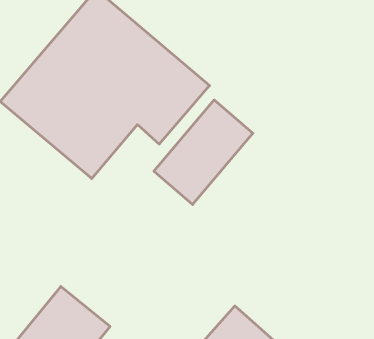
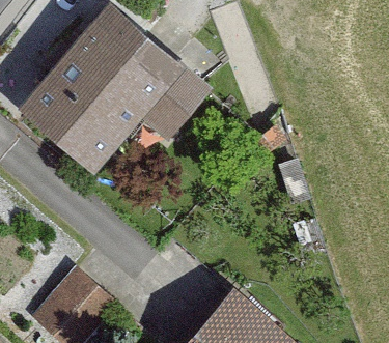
building: [154,100,253,205] -> none

